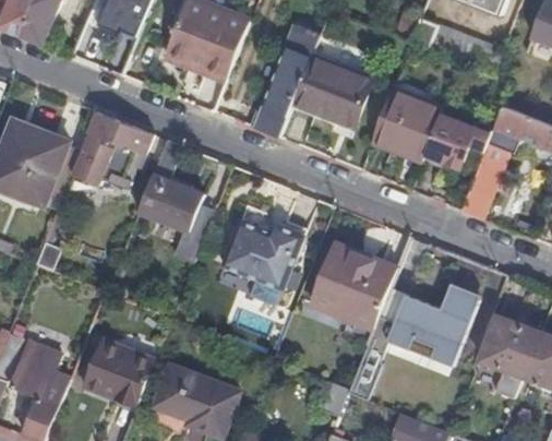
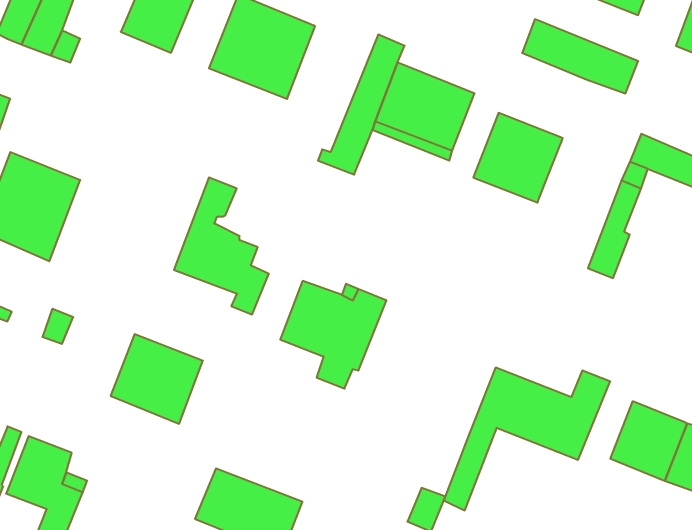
building: [69,112,152,189] -> none
building: [423,112,475,163] -> none
building: [311,242,396,341] -> none
building: [83,336,155,406] -> [111,334,203,424]

